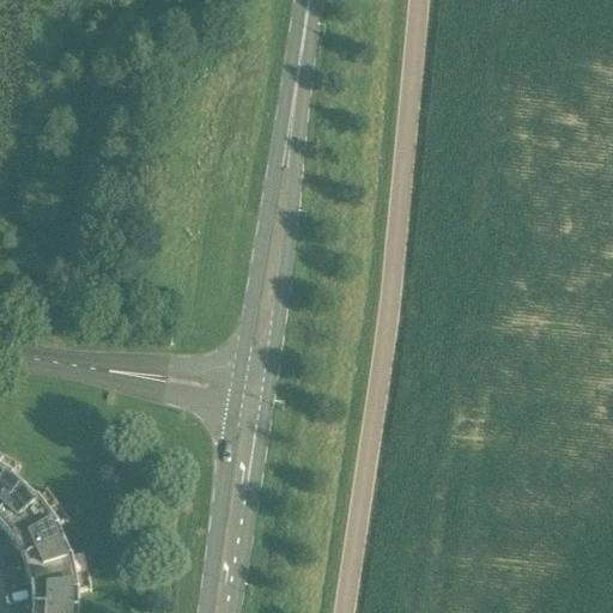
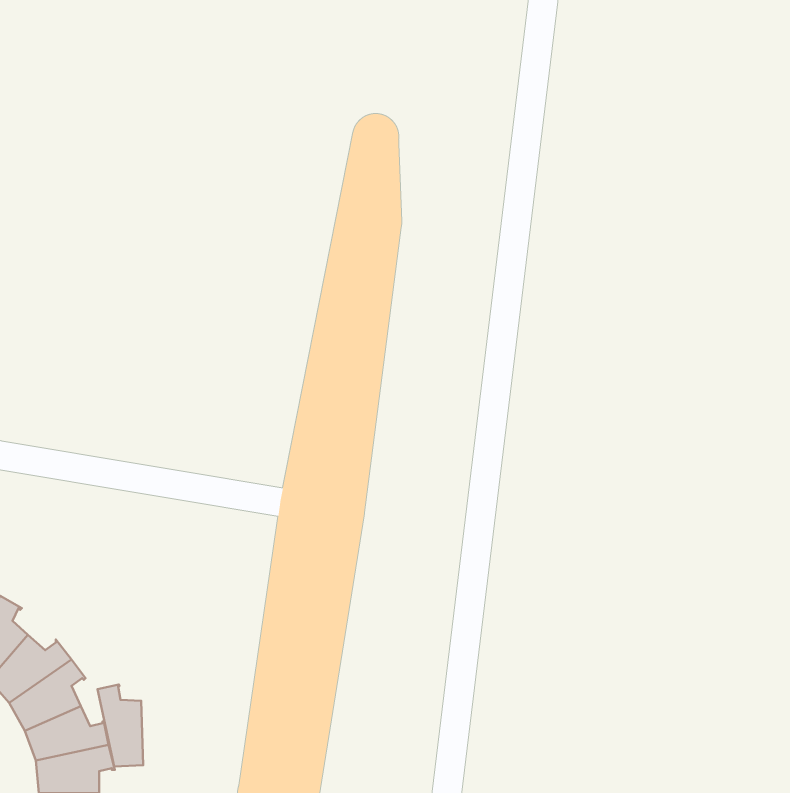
building: none -> [98,684,143,767]

